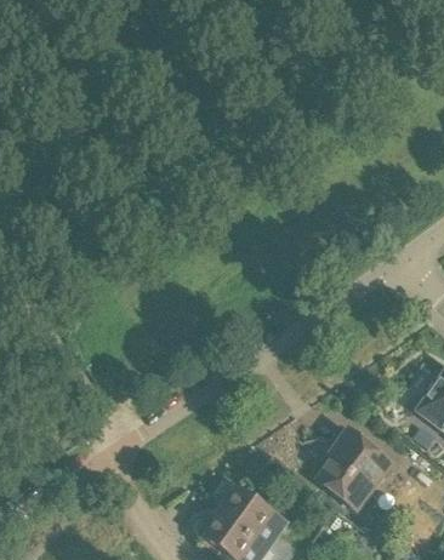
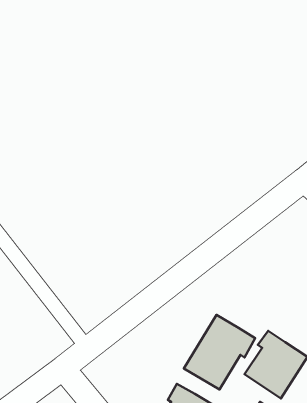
building: none -> [184,315,255,390]

